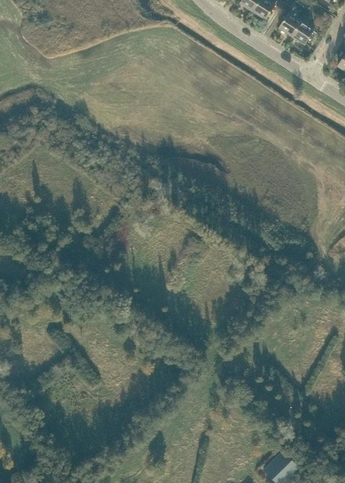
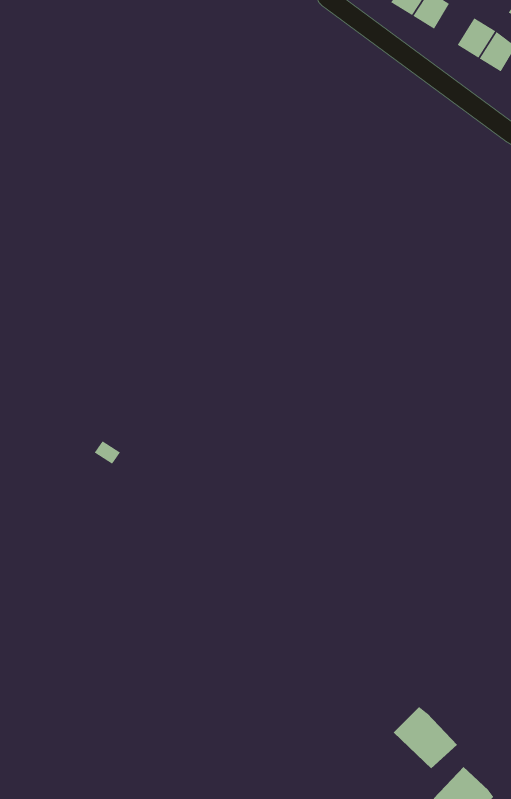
building: none -> [393,706,458,769]

